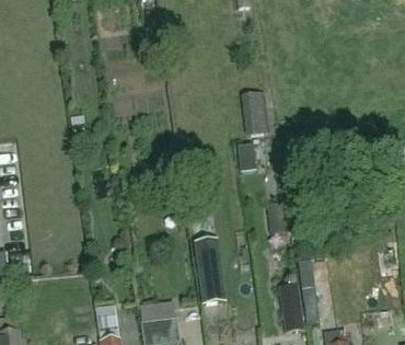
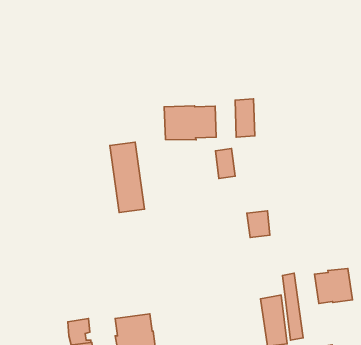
building: none -> [164,106,216,140]
building: [194,238,227,304] -> [110,142,144,213]
building: none -> [315,269,353,304]

